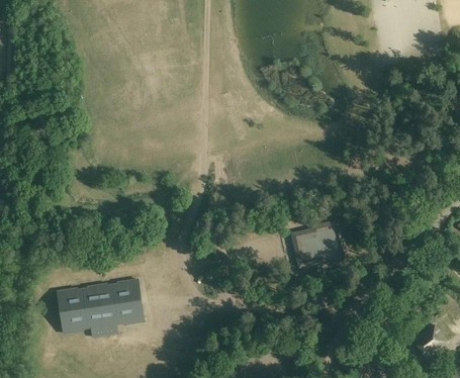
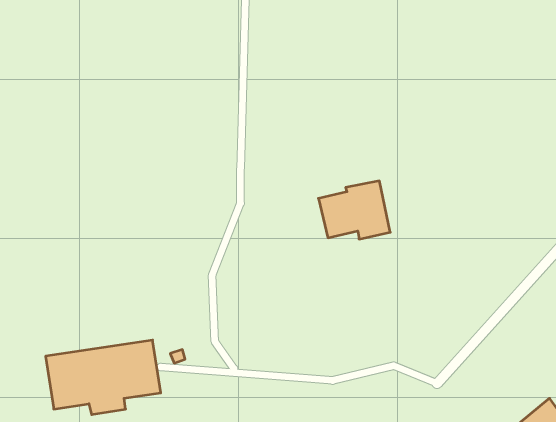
building: [293,221,347,265] -> [318,181,390,239]

